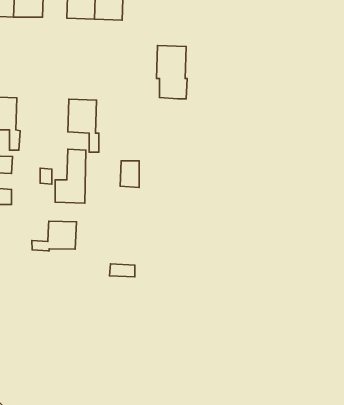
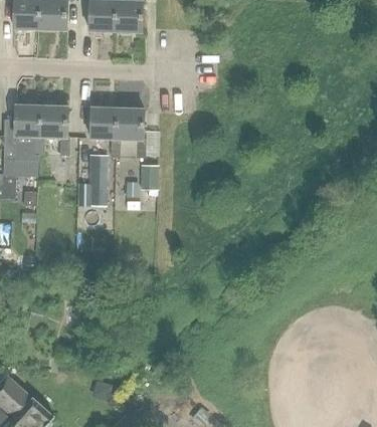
building: [156,45,187,99] -> [116,106,145,157]
building: none -> [40,104,68,155]
building: [32,221,76,251] -> none

